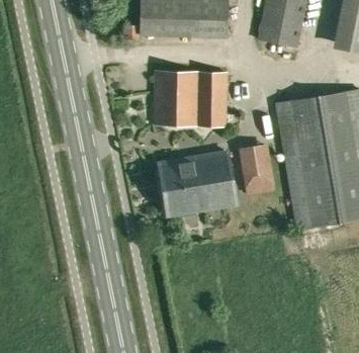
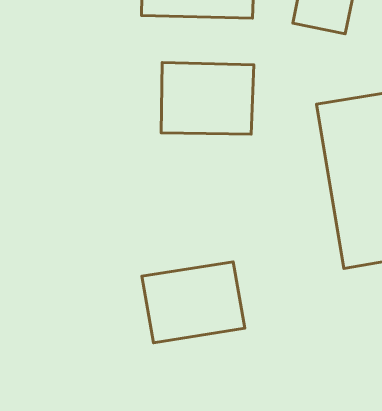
building: [238,144,274,189] -> none
building: [157,153,237,215] -> [142,262,245,343]

